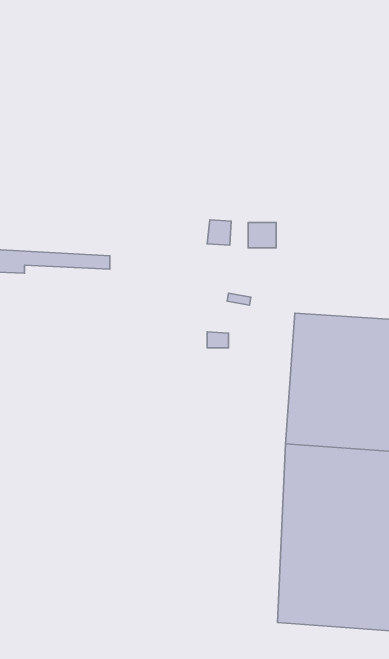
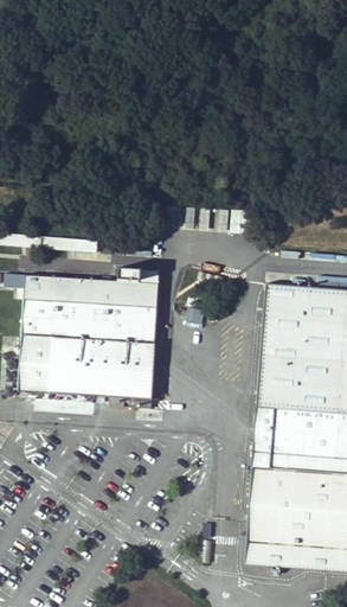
building: none -> [19,271,159,397]

